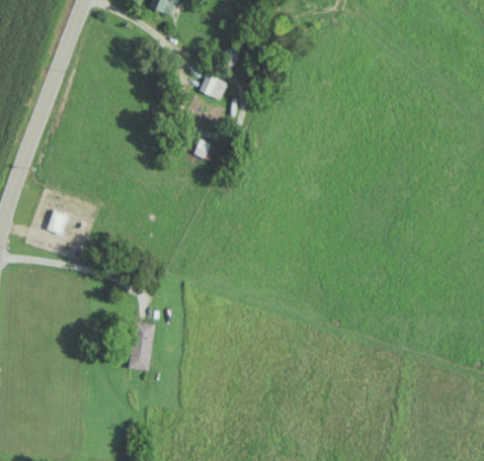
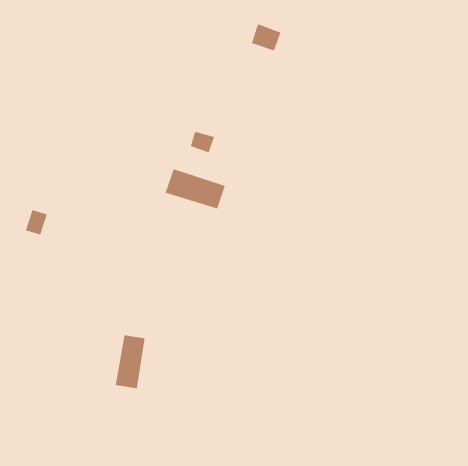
building: [199,74,227,99] -> [251,23,281,52]
building: none -> [165,168,226,209]

